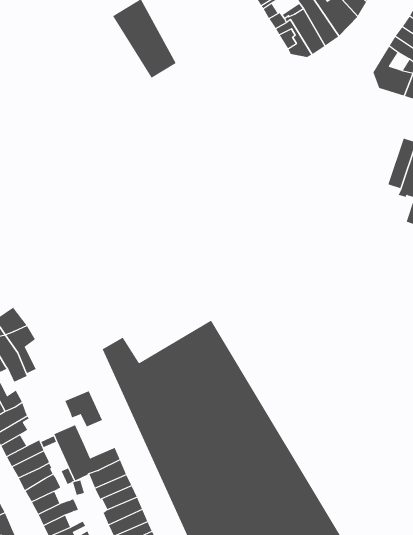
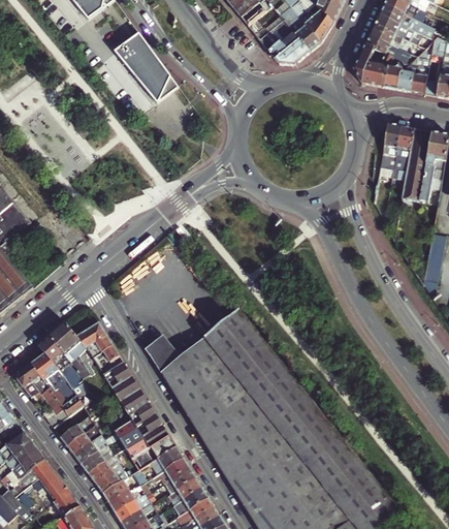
building: none -> [76,321,119,361]
building: none -> [109,361,139,399]
building: none -> [141,411,169,446]

